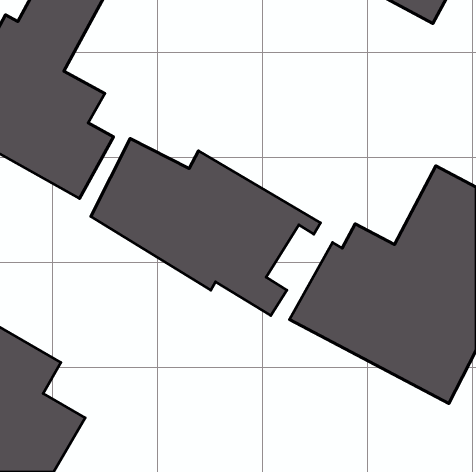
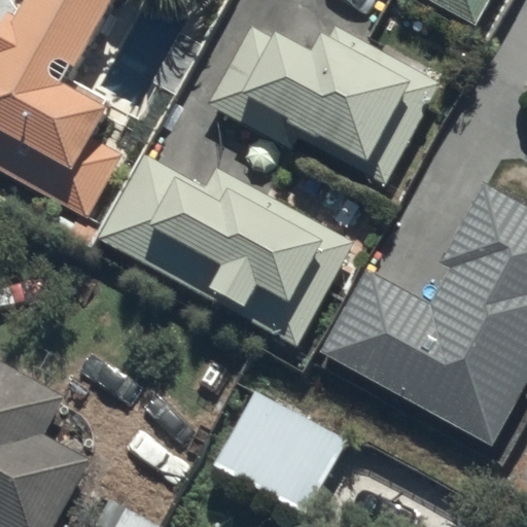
building: none -> [209,22,441,164]
building: none -> [213,394,344,514]

